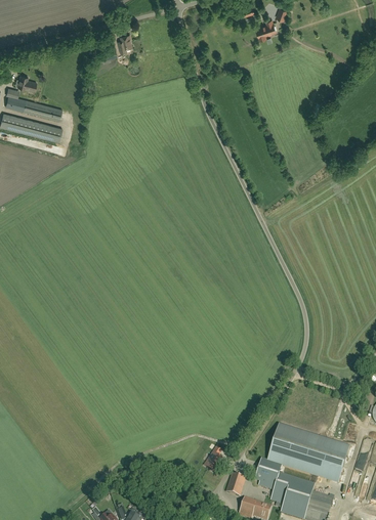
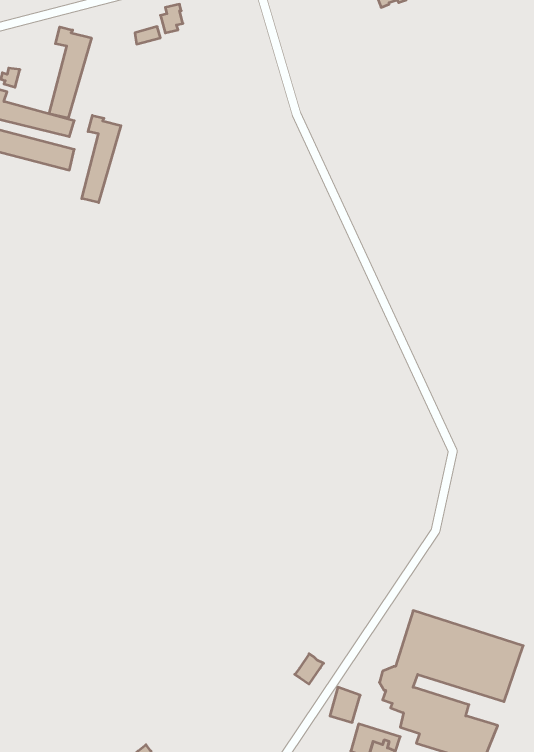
building: none -> [49,27,91,118]
building: none -> [82,115,121,203]

